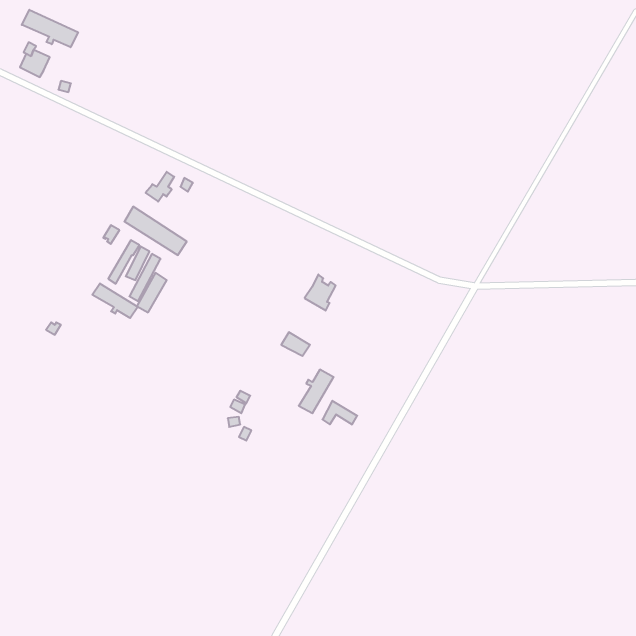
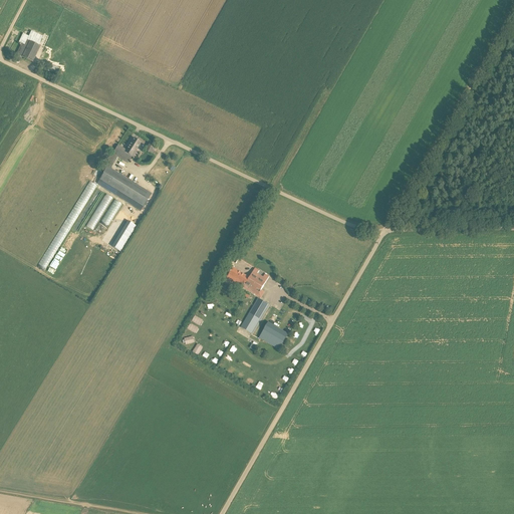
building: [22,10,78,47] -> none
building: [305,274,336,311] -> [244,268,269,297]
building: [92,283,138,318] -> none

